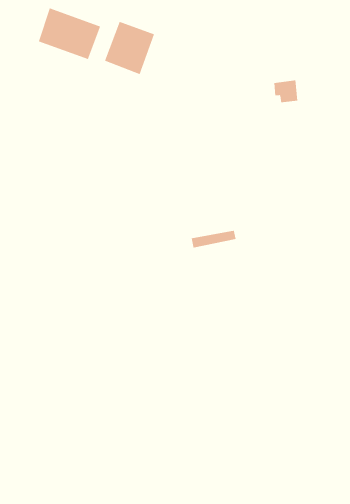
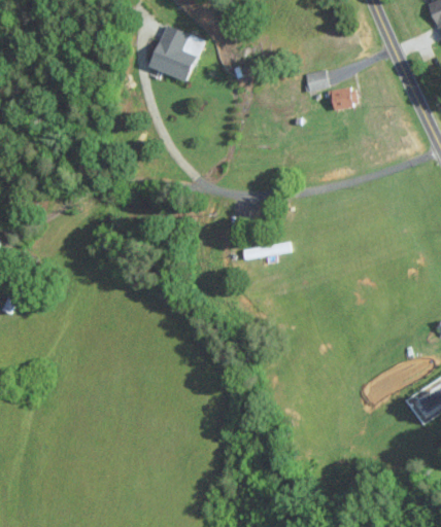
building: [38,7,101,60] -> none
building: none -> [303,70,328,91]

